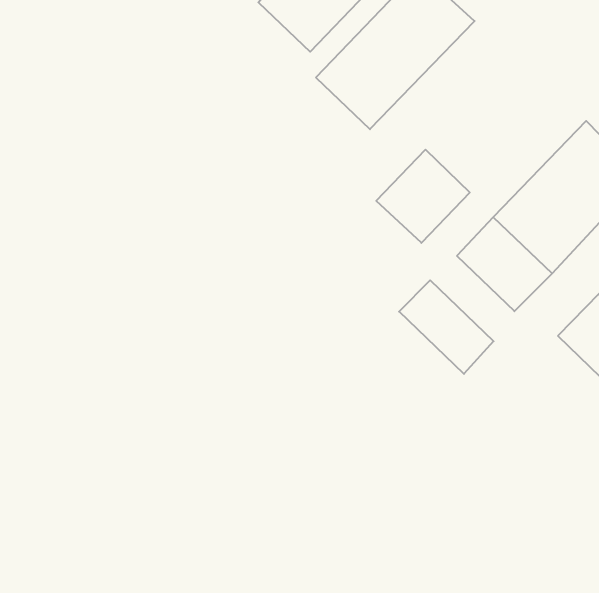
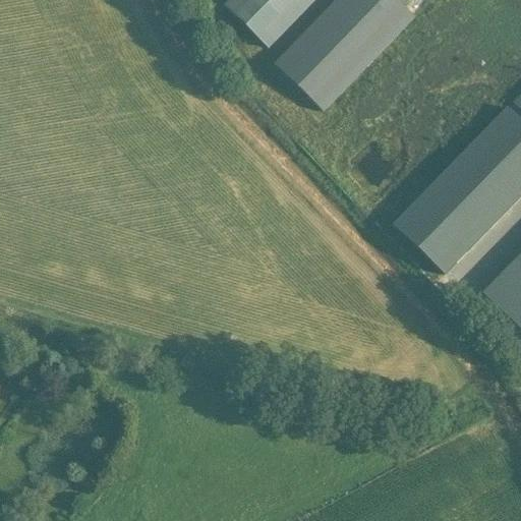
building: [376,150,470,243] -> none
building: [399,280,494,374] -> none

